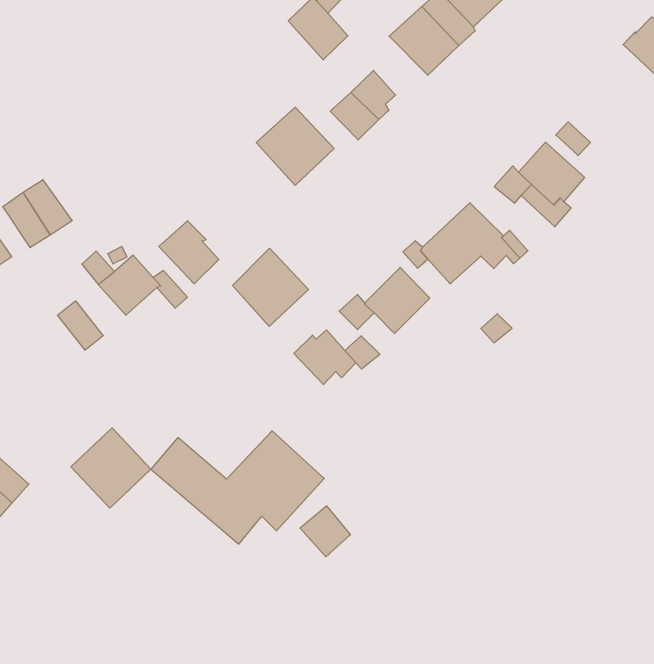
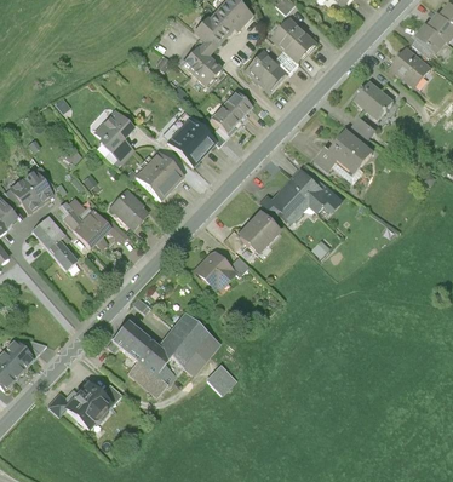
building: none -> [354,79,392,117]
building: none -> [94,110,133,160]
building: [232,248,308,326] -> [136,150,183,199]
building: none -> [31,218,64,252]
building: [71,428,151,508] -> [63,385,113,435]

